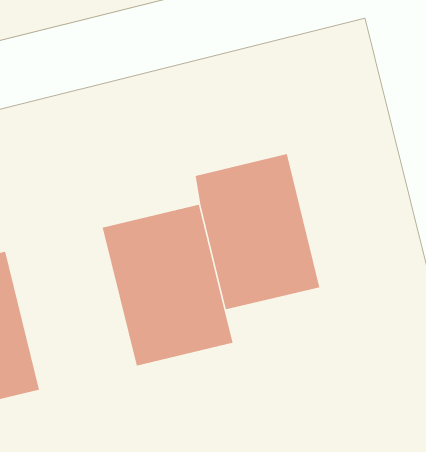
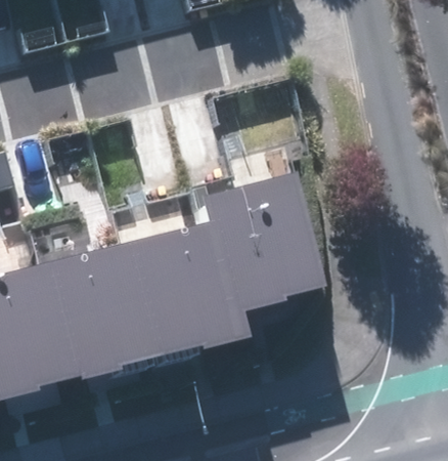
building: none -> [43,239,156,380]

